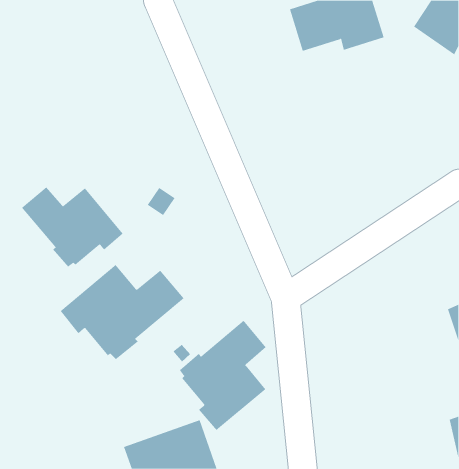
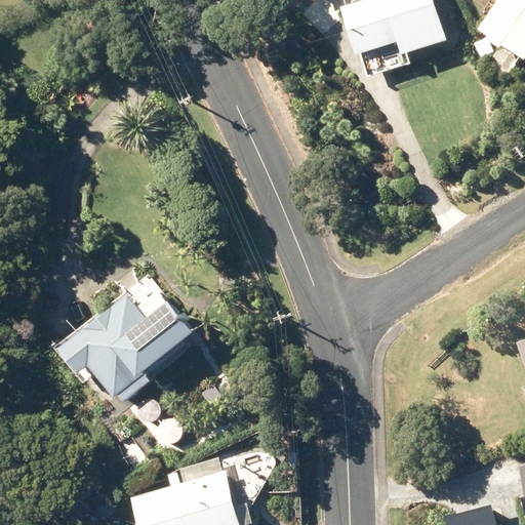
building: [21,186,124,267] -> none
building: [179,320,267,431] -> none

